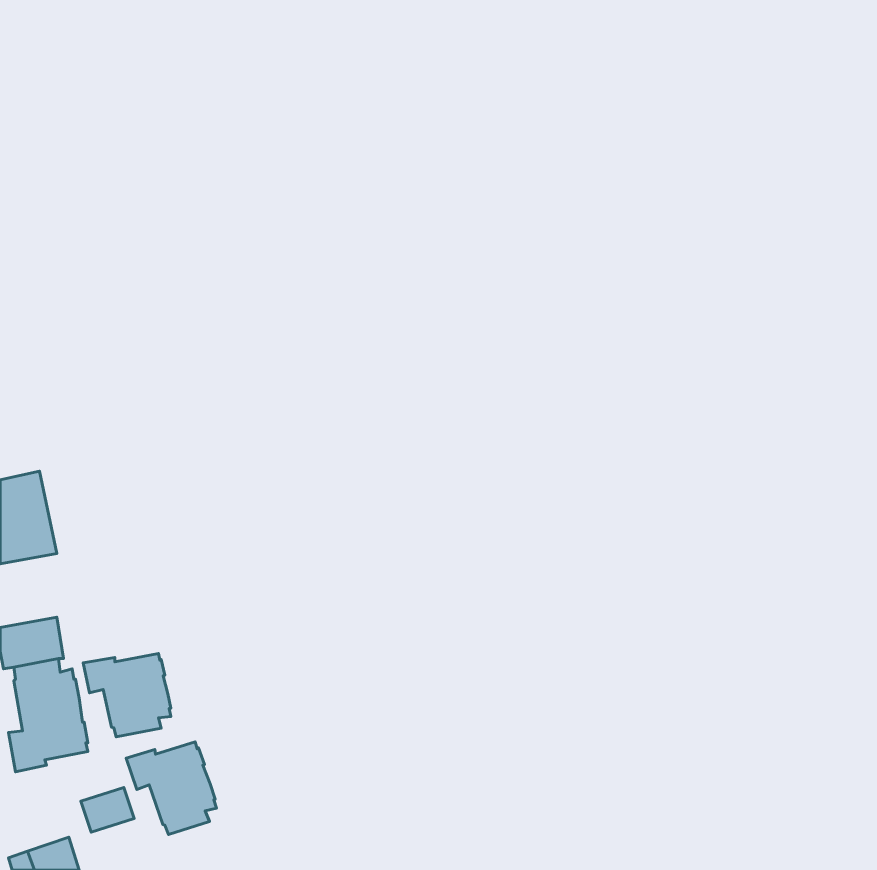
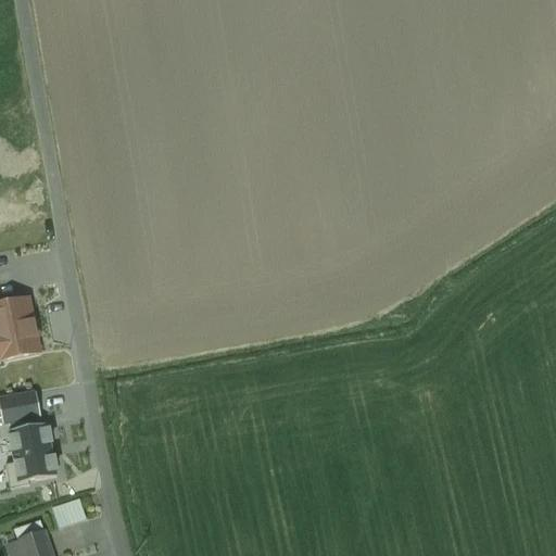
building: [83,654,171,737] -> none
building: [126,742,217,834] -> none

